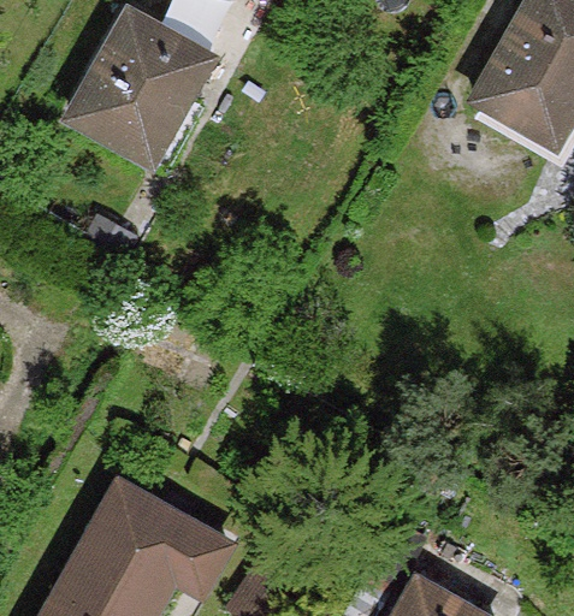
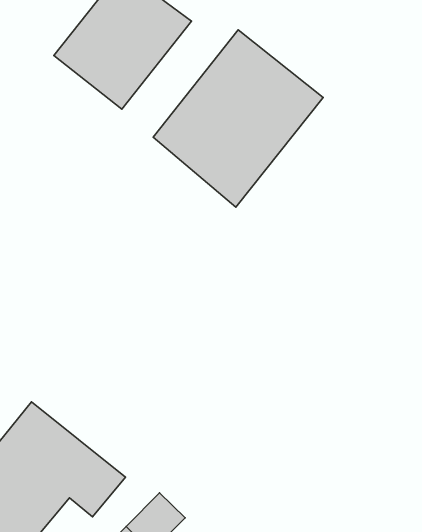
building: none -> [153,30,323,207]

